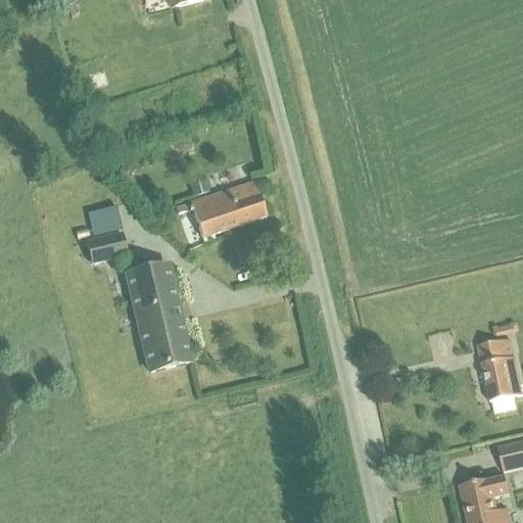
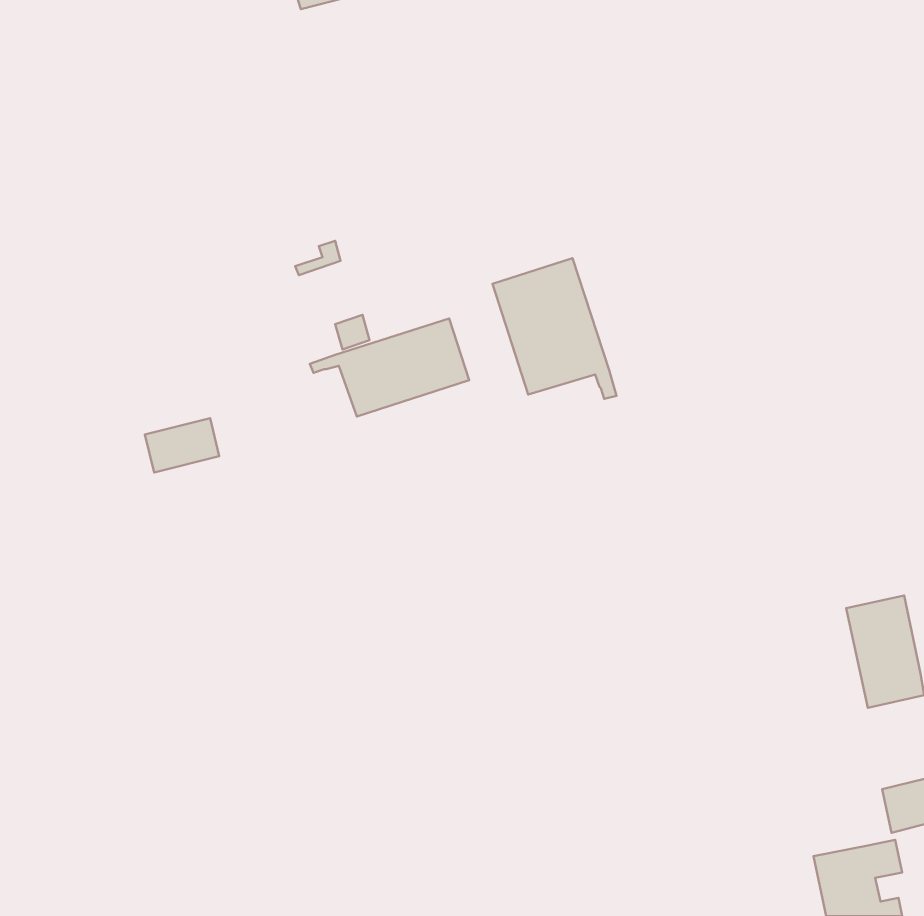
building: none -> [492,258,616,399]
building: [87,203,121,233] -> none
building: [127,263,190,369] -> none

